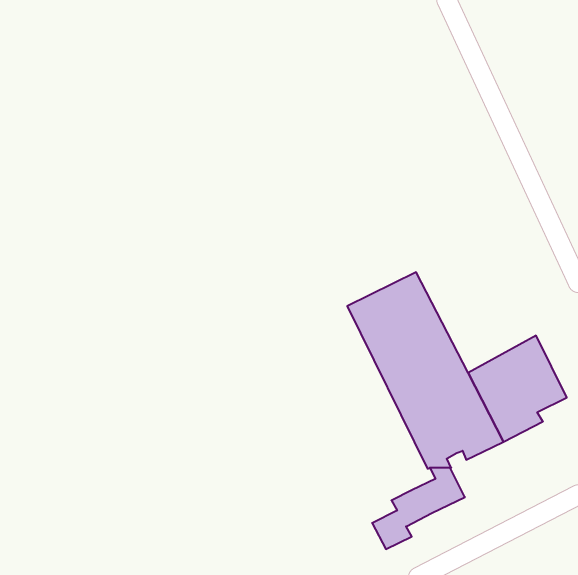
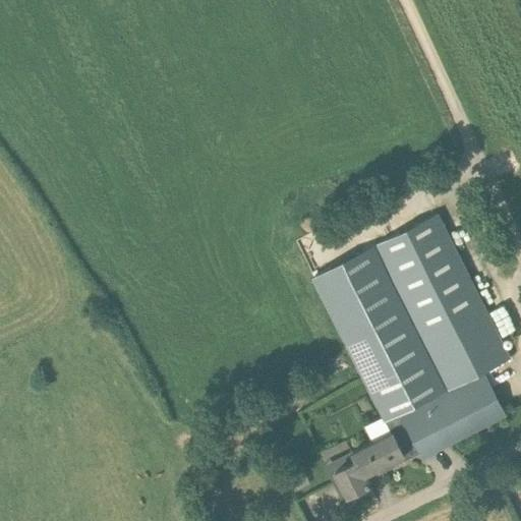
building: none -> [374,215,482,338]
building: none -> [402,382,506,459]

